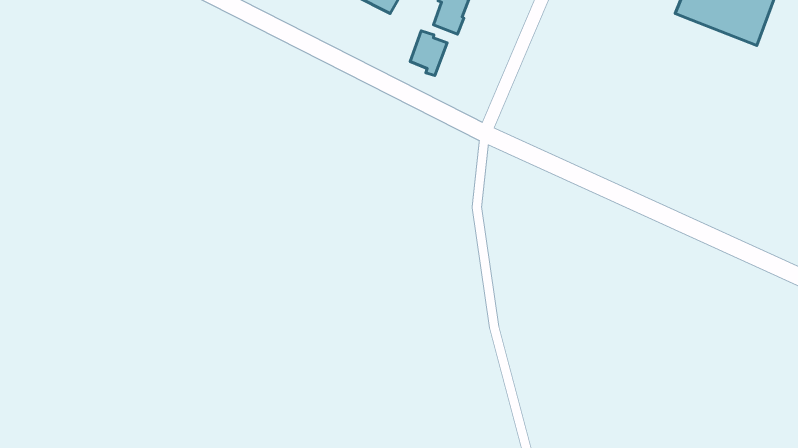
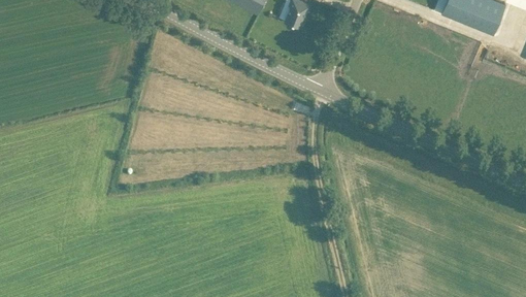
building: [410,31,447,75] -> none

